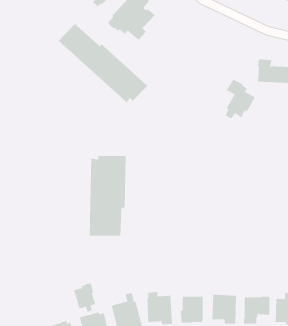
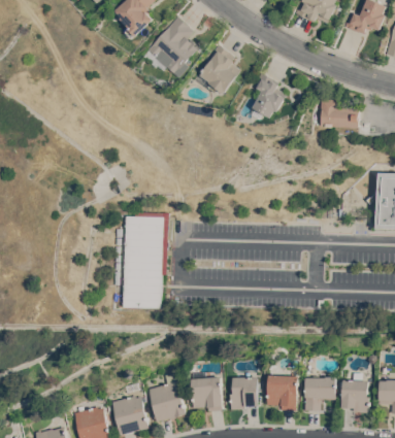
building: none -> [197,44,241,94]
building: [58,23,148,103] -> none
building: [225,79,256,119] -> [252,72,288,120]
building: [73,283,96,312] -> none

